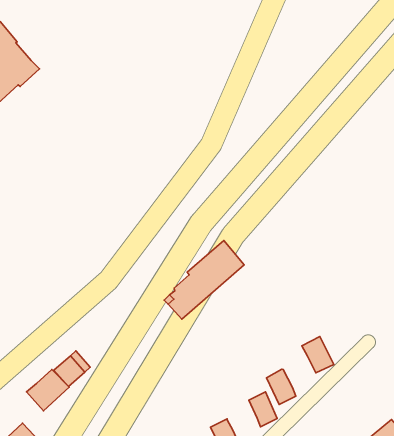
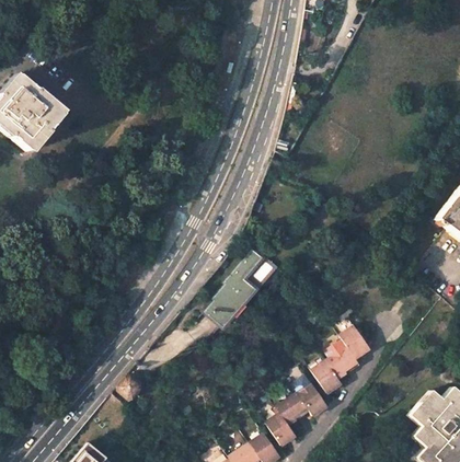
building: none -> [324,345,356,376]
building: [27,369,69,411] -> none
building: none -> [275,393,307,423]

